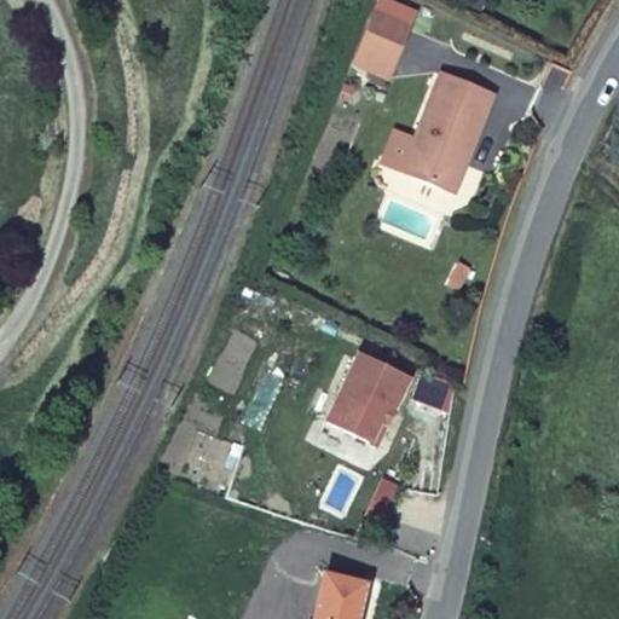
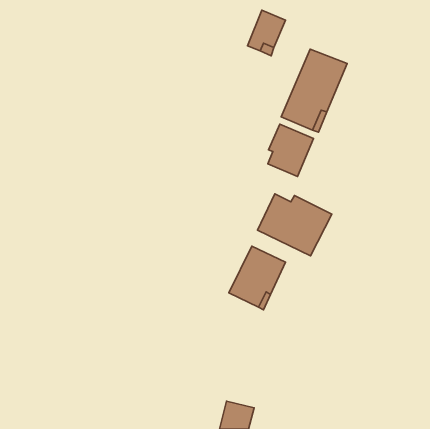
building: none -> [268,124,313,177]
building: none -> [258,194,332,256]

